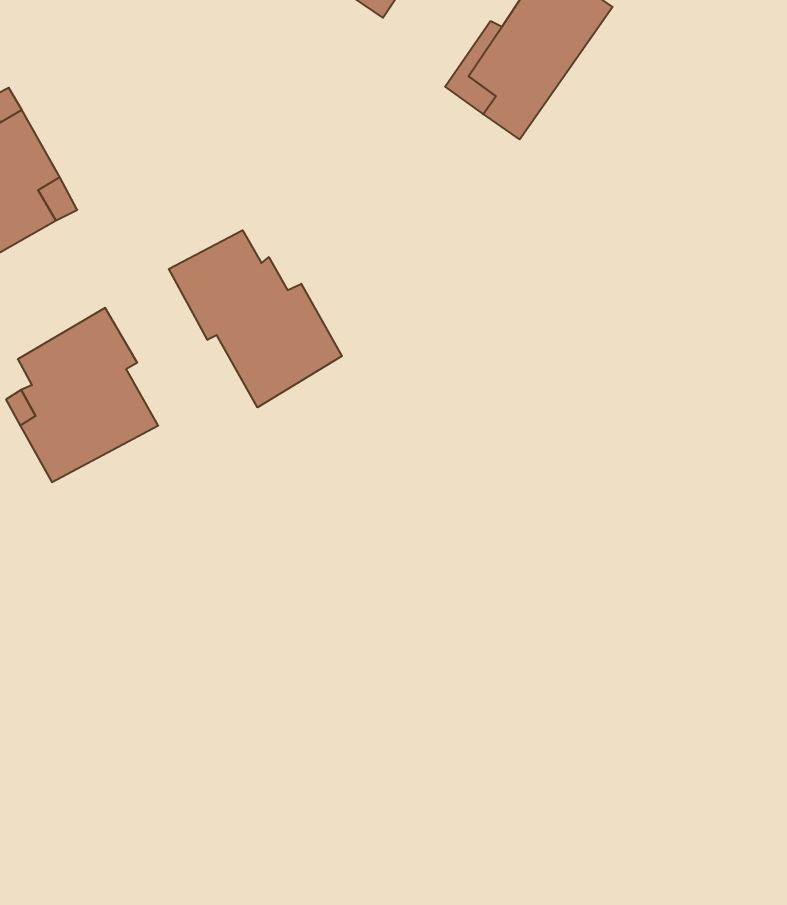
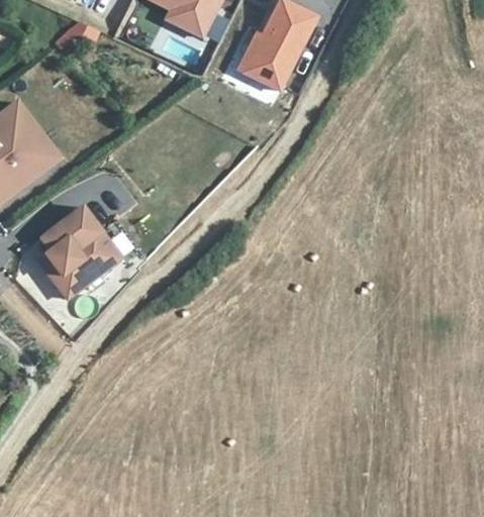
building: [169,230,342,407] -> none

